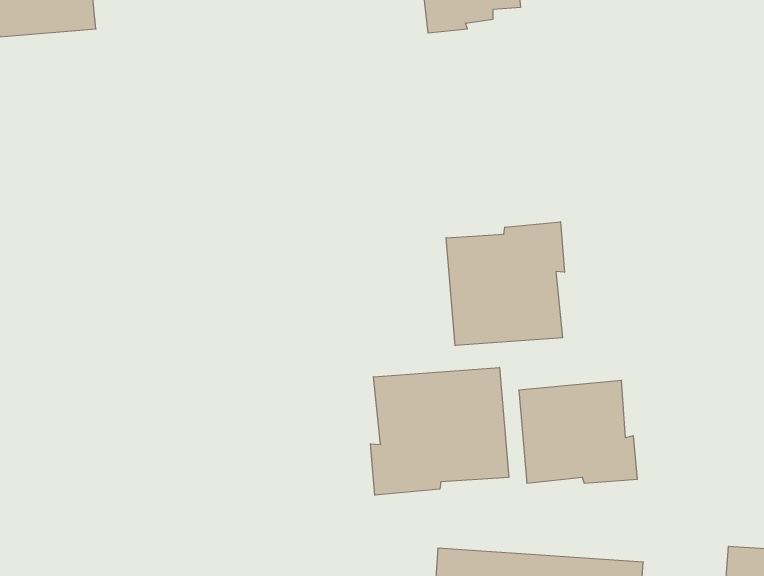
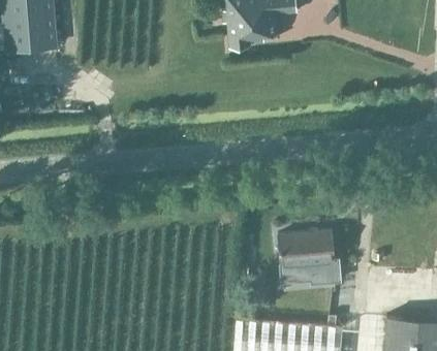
building: [446,222,564,346] -> none
building: [371,367,509,495] -> none

